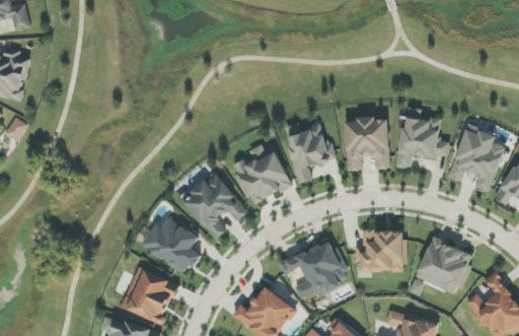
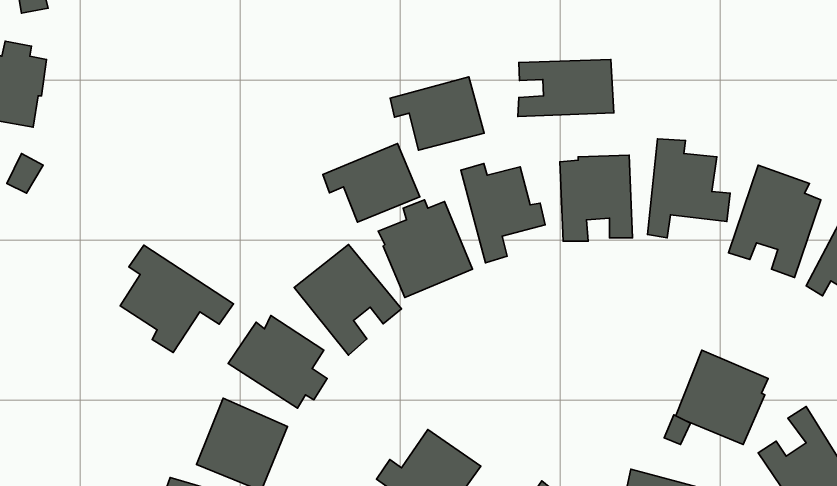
building: none -> [518,59,614,117]
building: none -> [390,77,484,150]
building: none -> [323,144,420,222]
building: none -> [120,245,233,352]
building: [355,228,404,271] -> none
building: [279,241,351,298] -> none

